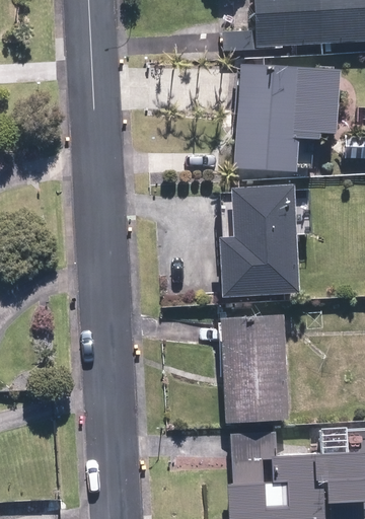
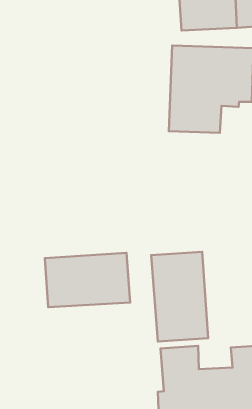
building: [216,186,297,299] -> none
building: none -> [45,253,130,307]

